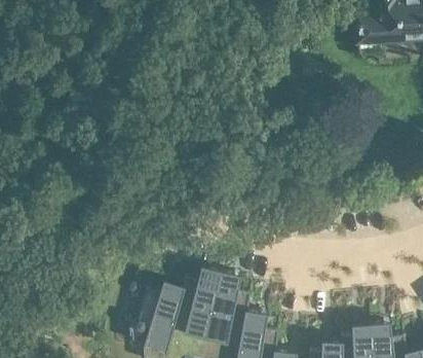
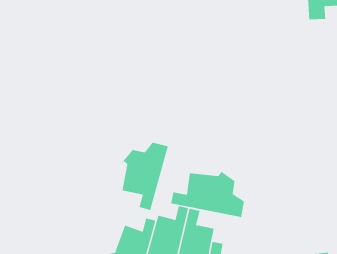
building: none -> [120,142,168,211]
building: none -> [171,168,244,218]

